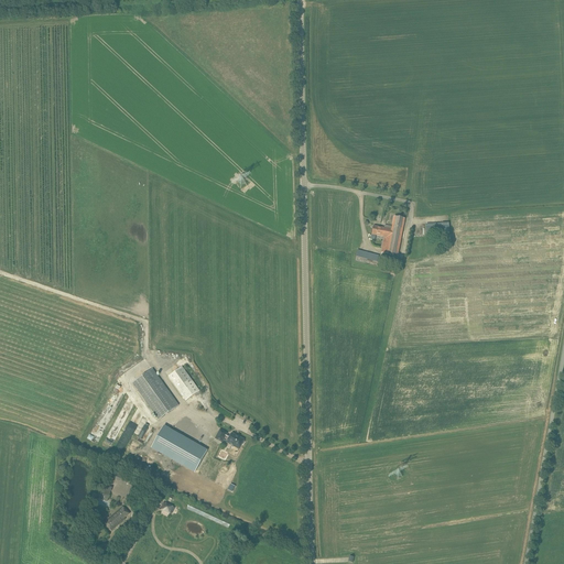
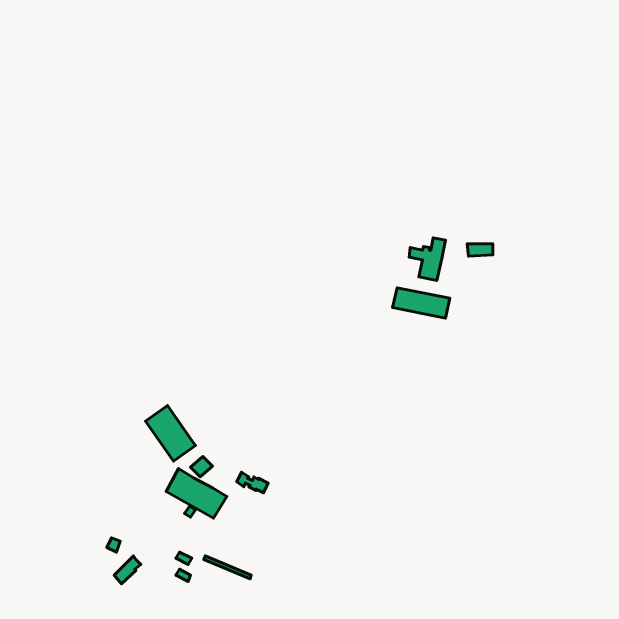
building: none -> [393,288,450,318]
building: [167,366,198,399] -> none

